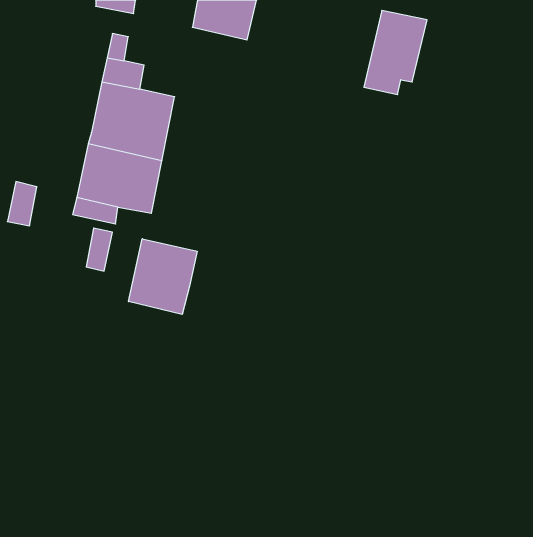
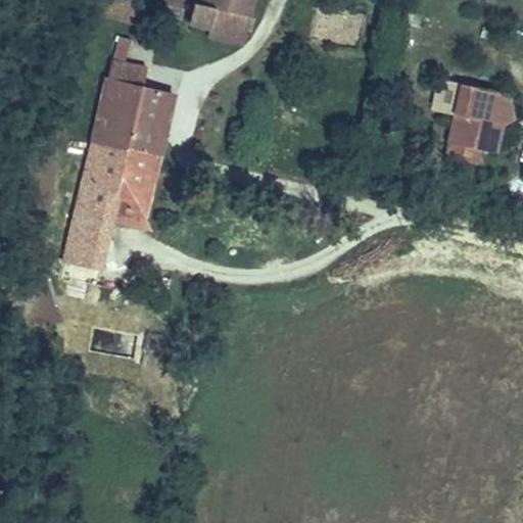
building: [364,10,427,95] -> [447,88,509,170]
building: [7,182,37,226] -> [66,217,95,259]
building: [129,239,197,314] -> none

